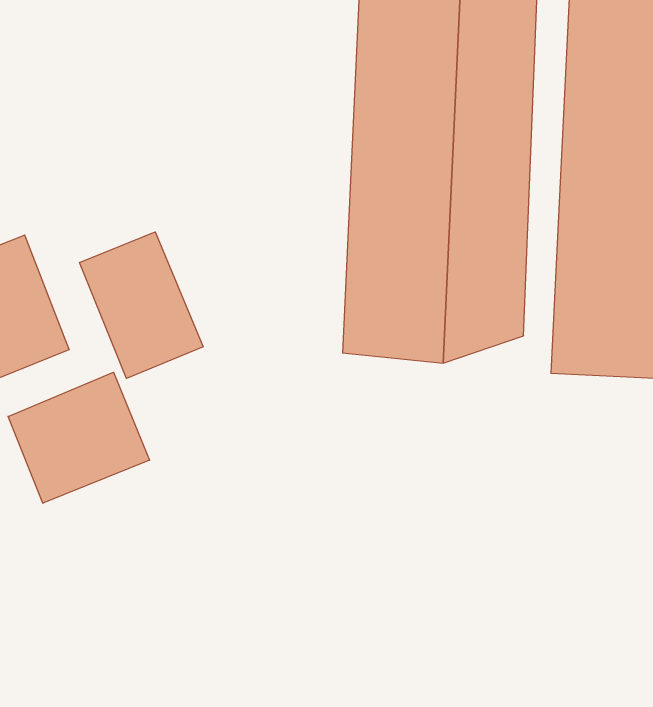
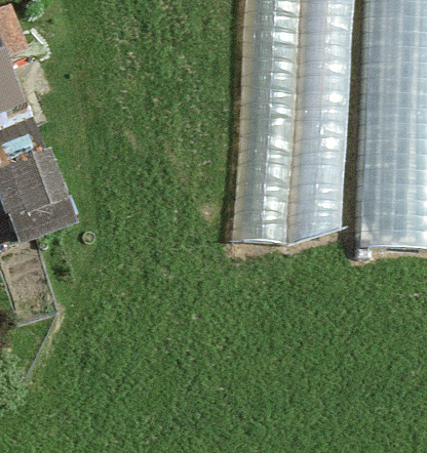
building: [80,232,203,378] -> none
building: [8,372,150,503] -> none

